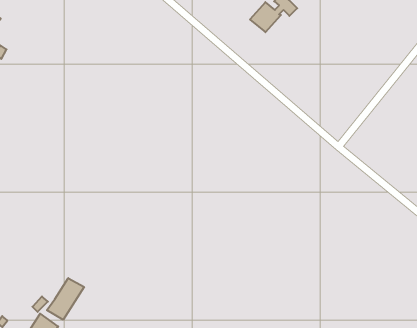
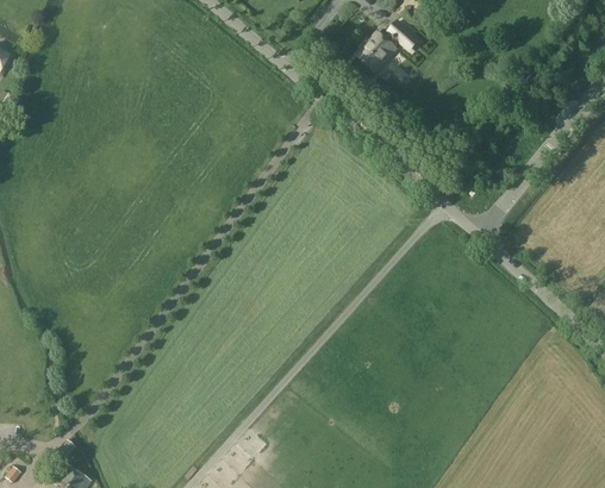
building: [47,278,84,320] -> none

